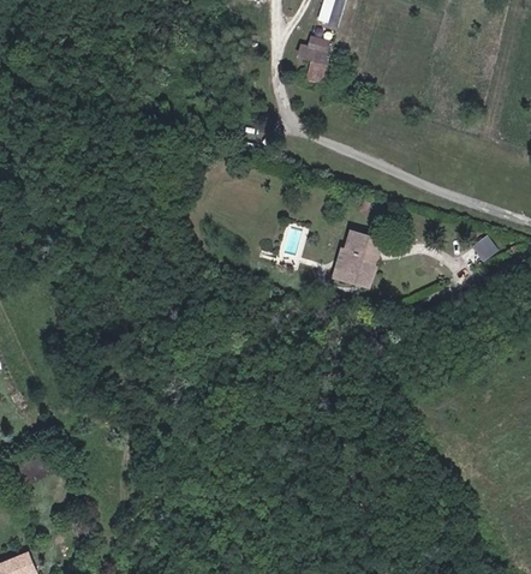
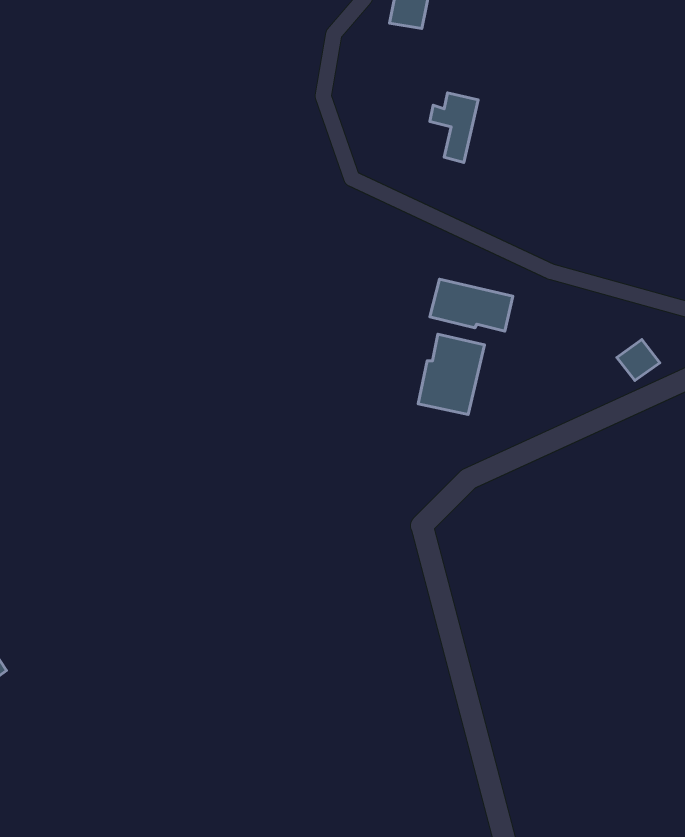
building: [297,37,329,84] -> [430,93,478,162]
building: none -> [430,279,513,331]

